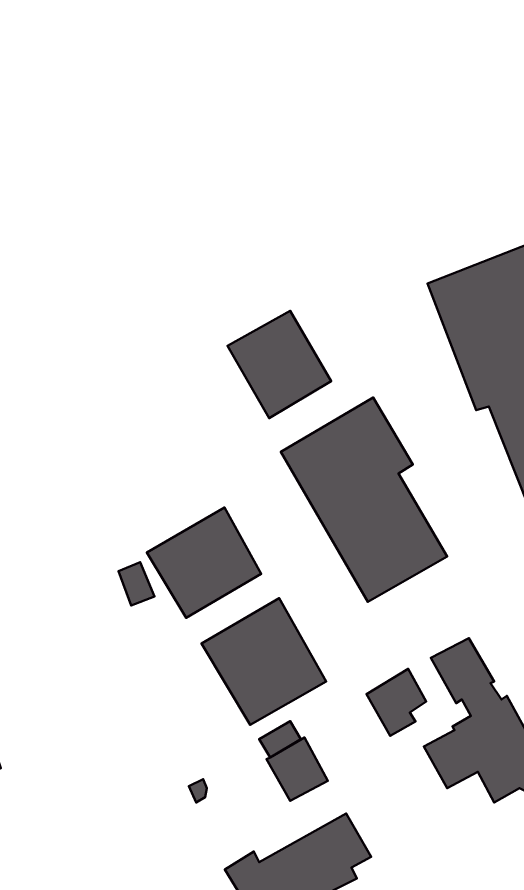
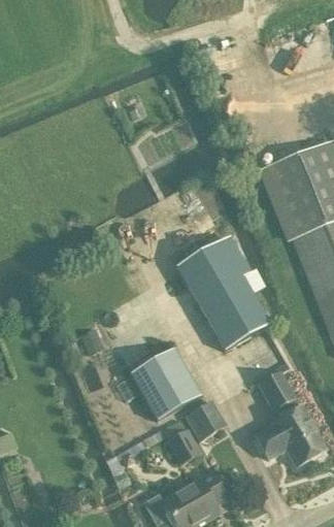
building: [227,311,331,418] -> none
building: [147,508,261,618] -> none
building: [367,669,426,736] -> [190,399,224,437]

